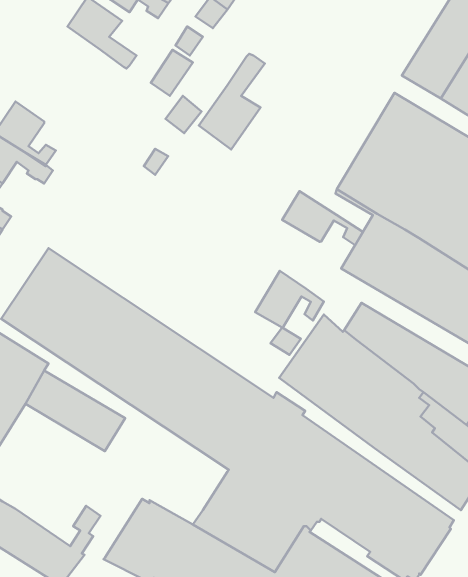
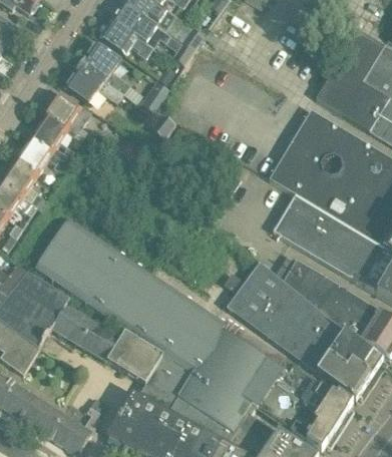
building: none -> [65,64,122,101]
building: [199,54,265,150] -> none
building: none -> [45,94,90,140]
building: [282,191,363,245] -> none
building: [255,271,324,327] -> none
building: none -> [107,334,192,411]

